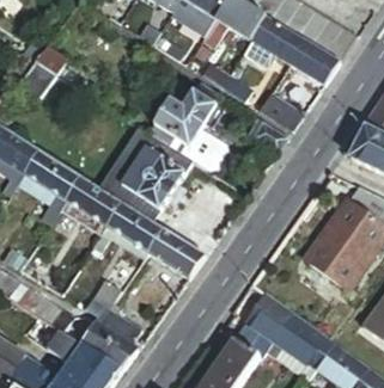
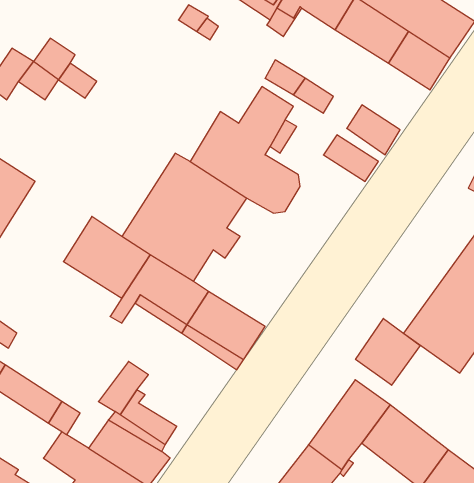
building: [19,150,80,222] -> none
building: none -> [356,318,420,385]

